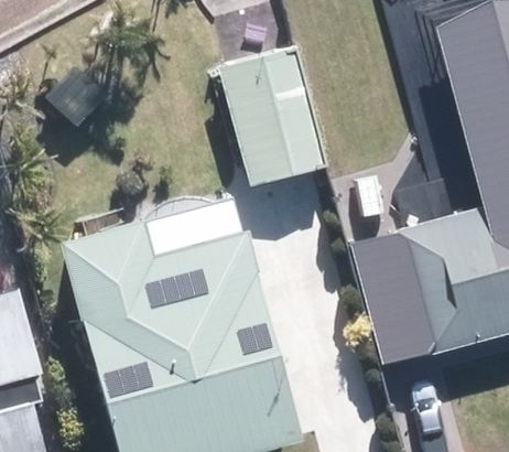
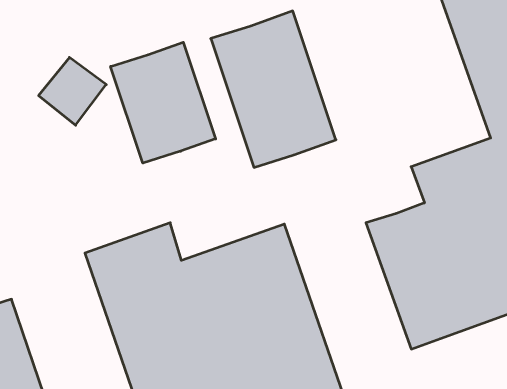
building: none -> [111,42,216,163]

